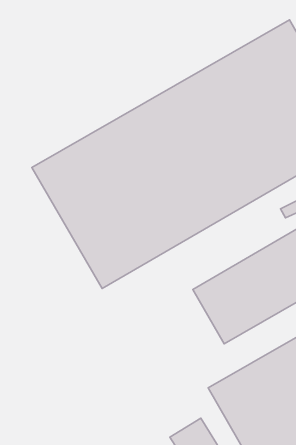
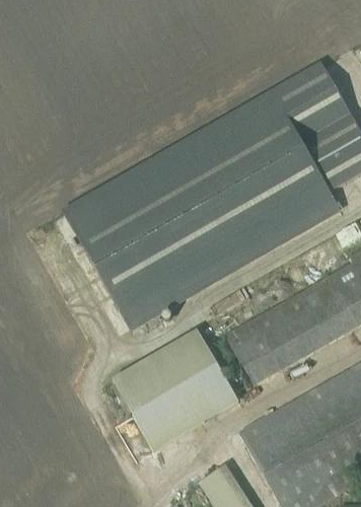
building: none -> [112,329,237,450]

